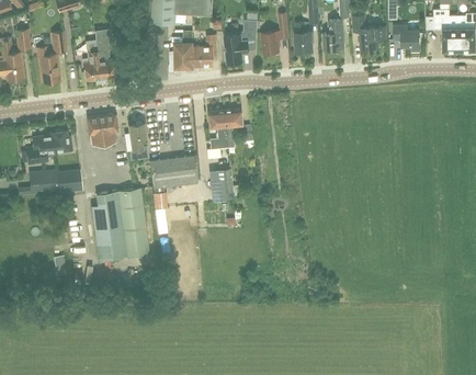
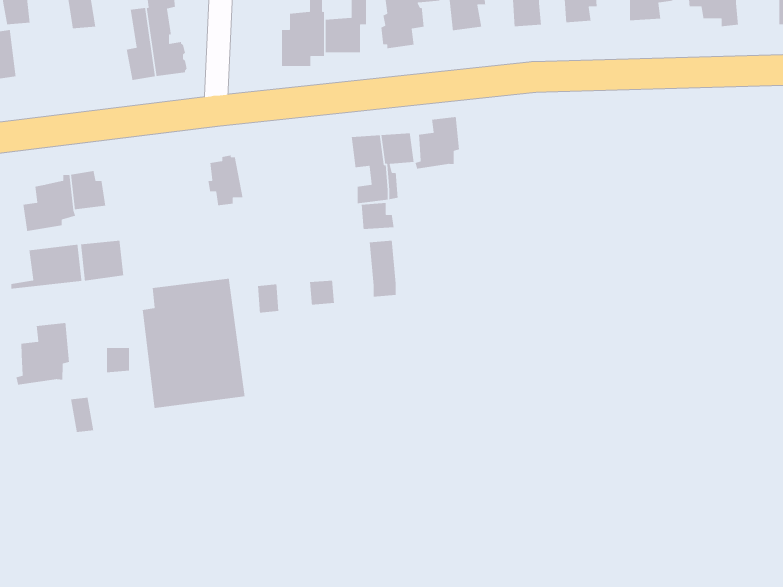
building: [37,46,59,82] -> none
building: none -> [414,116,460,170]
building: [87,113,118,145] -> none
building: [151,156,197,189] -> none
building: none -> [15,322,70,385]

